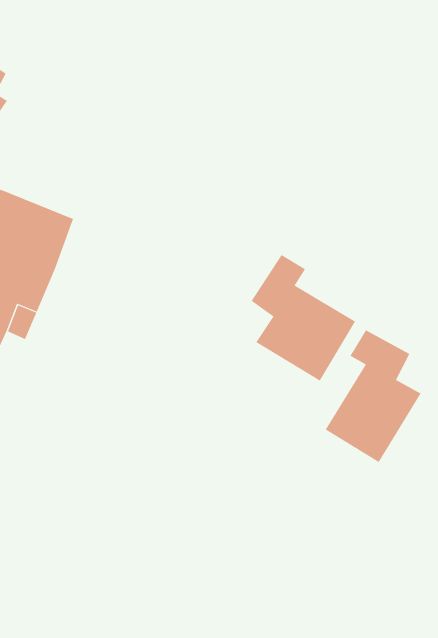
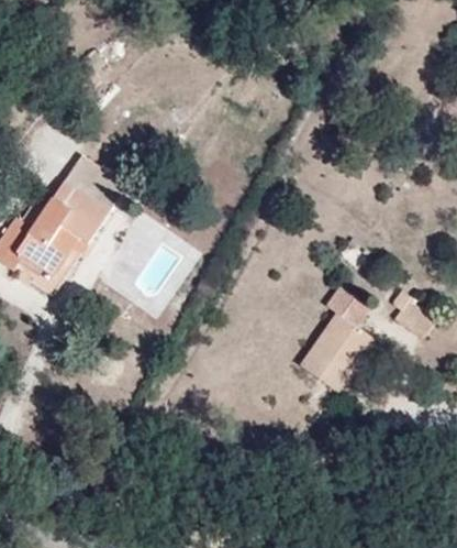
building: [251,254,356,382] -> none

